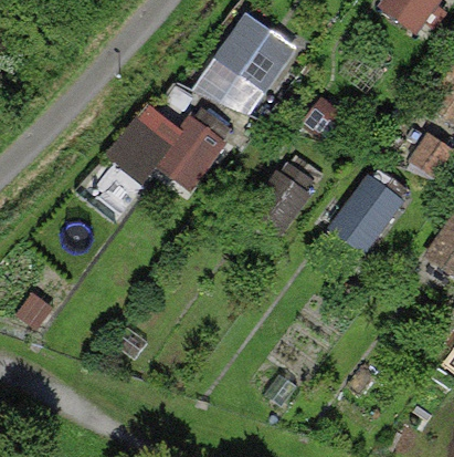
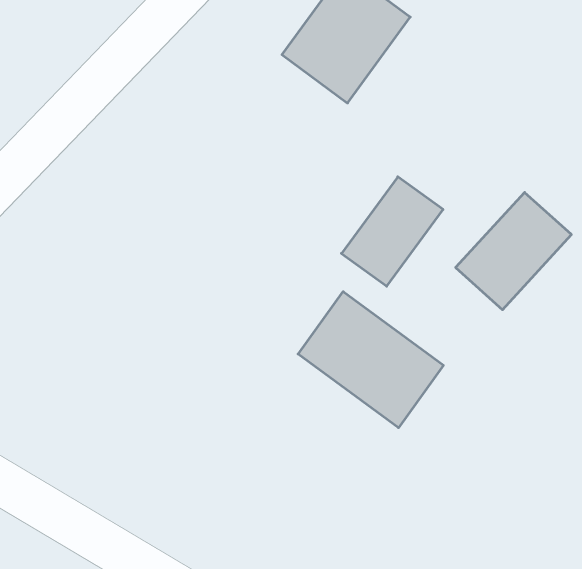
building: [107,110,231,191] -> none
building: none -> [298,292,443,428]

